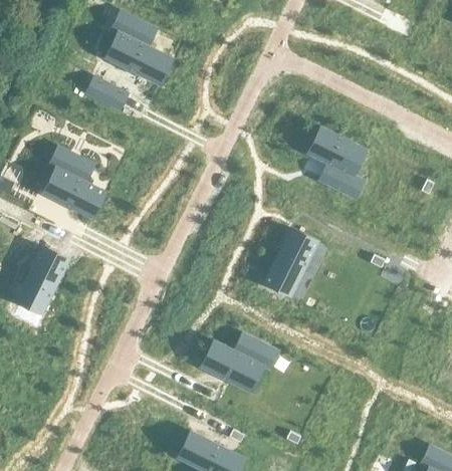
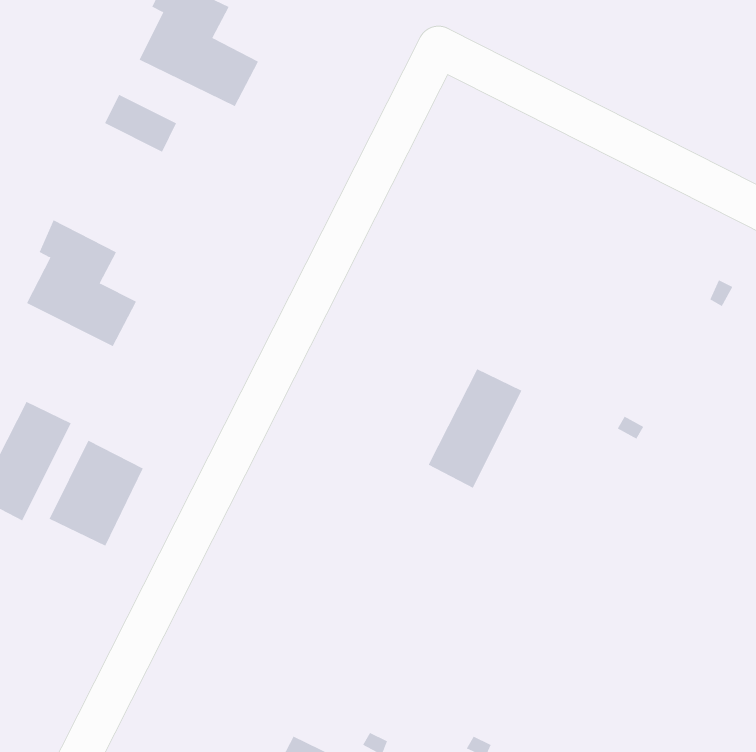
building: [308,127,365,197] -> none
building: none -> [49,440,143,547]
building: [201,332,277,390] -> none

